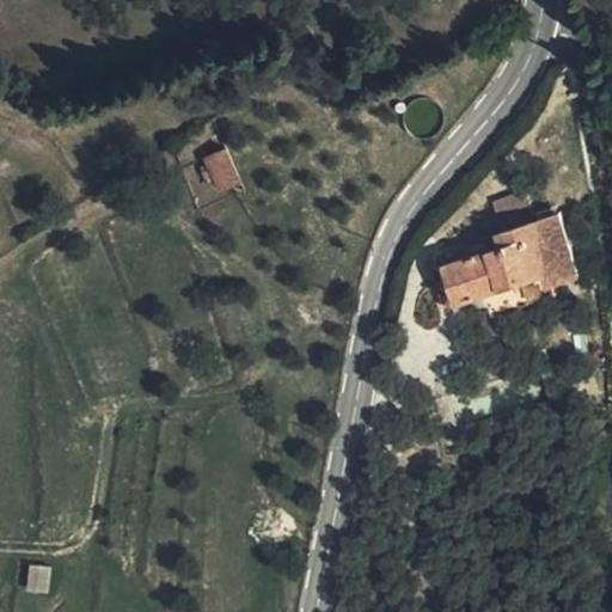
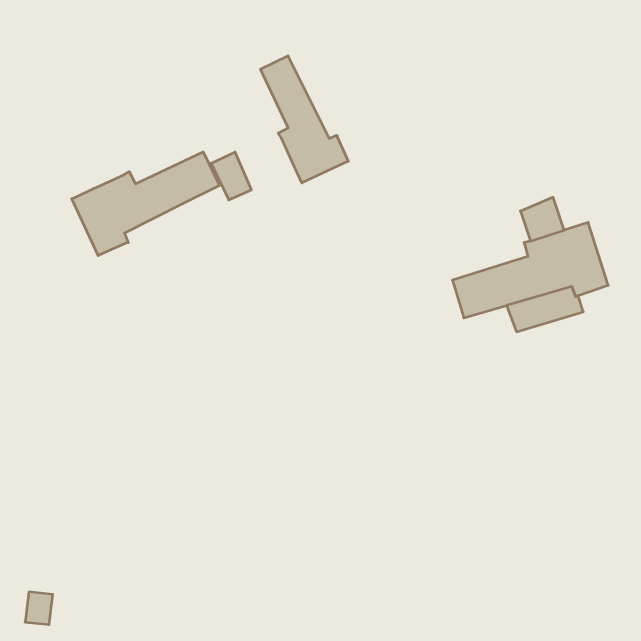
building: none -> [261,56,348,183]
building: none -> [72,152,220,256]

